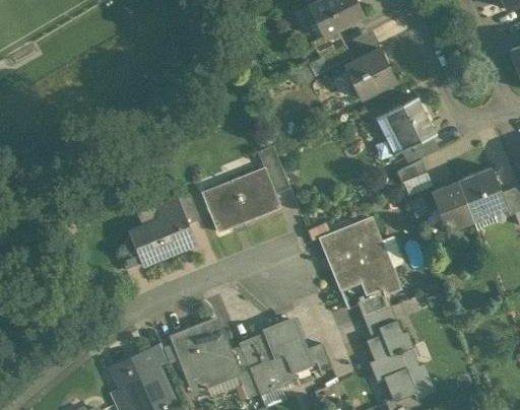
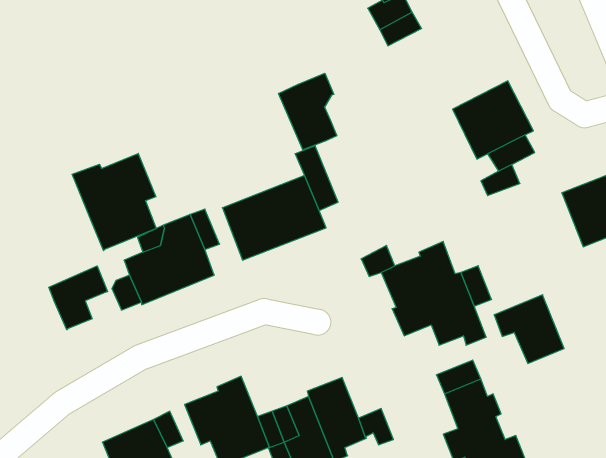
building: [343,49,394,98] -> none
building: none -> [279,73,337,151]
building: none -> [72,153,156,251]
building: [420,181,473,232] -> [494,295,564,363]
building: none -> [49,266,108,330]
building: [356,288,390,318] -> none

